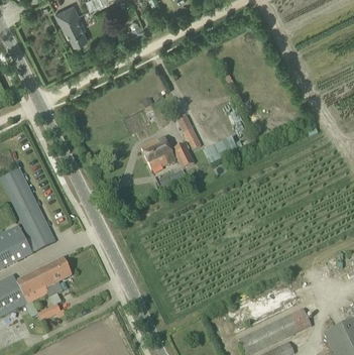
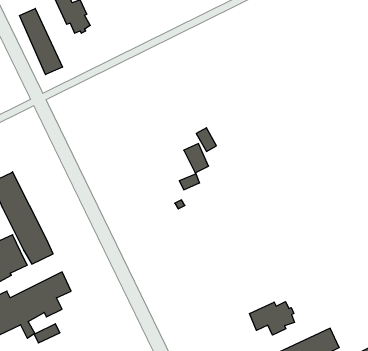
building: none -> [20,8,62,75]
building: [142,138,176,169] -> none
building: none -> [250,302,295,335]

